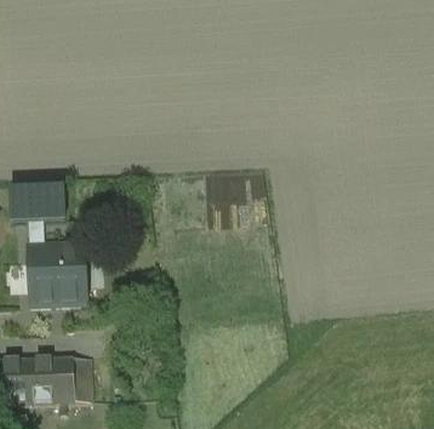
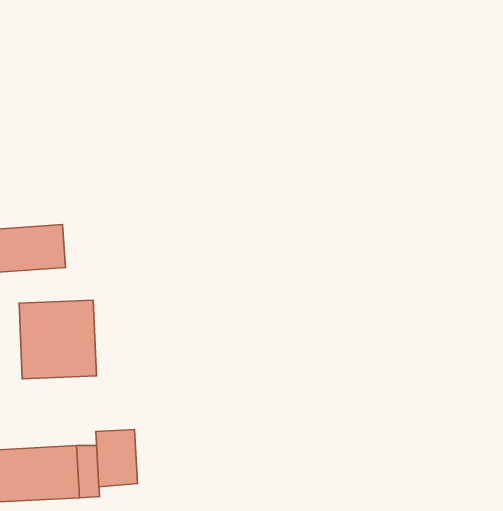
building: none -> [96,429,137,487]

